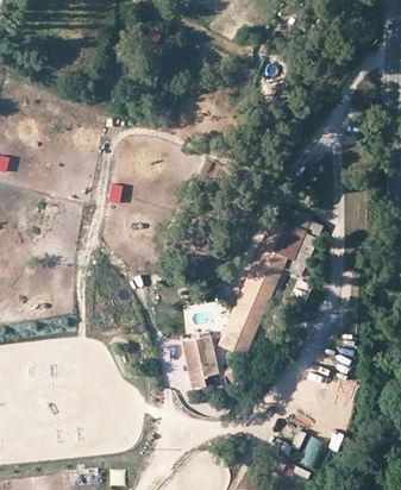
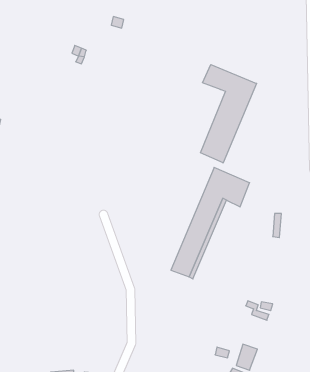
building: none -> [200,65,257,163]
building: [182,335,218,388] -> none

